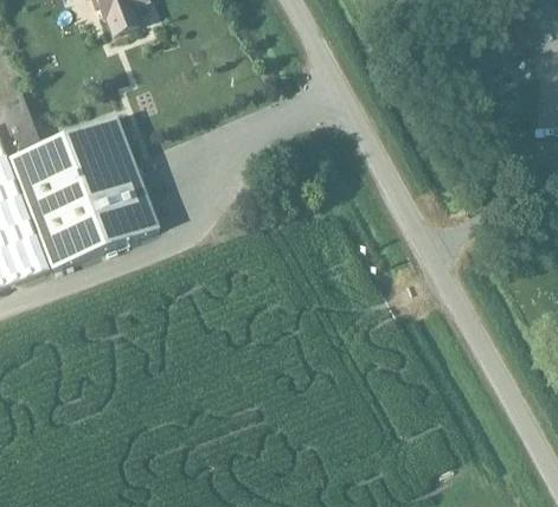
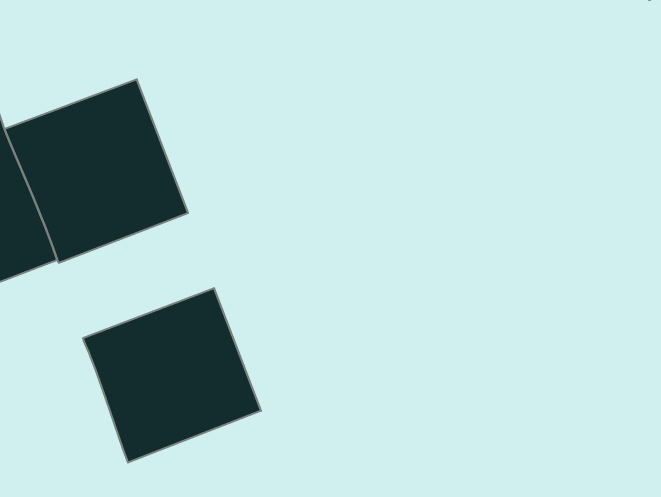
building: none -> [83,288,261,463]

